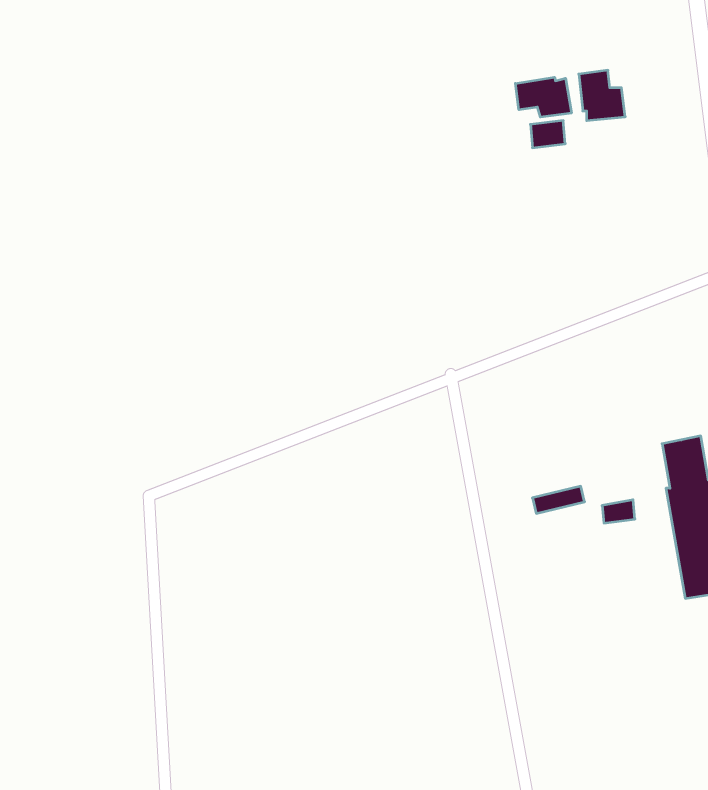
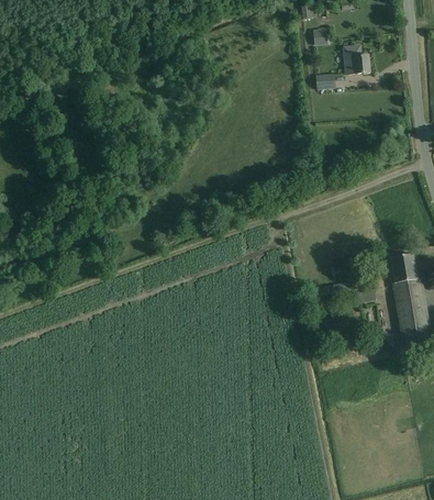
building: [515,77,571,117] -> none

